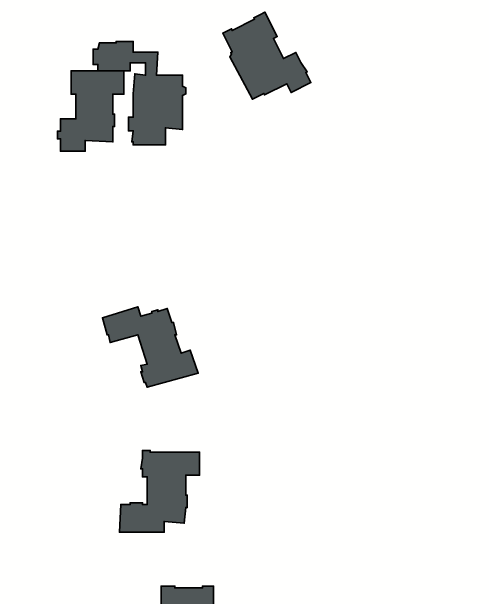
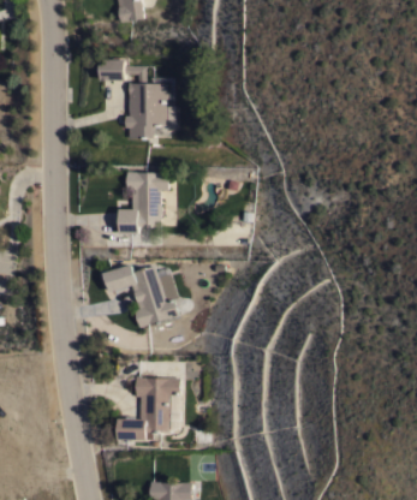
building: [223,12,311,99] -> none
building: [57,71,124,151] -> [117,172,168,234]

